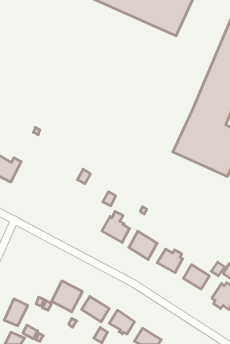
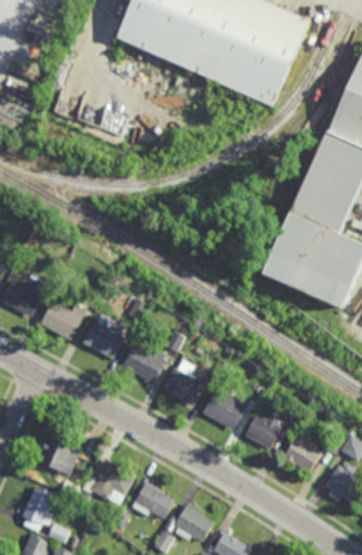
building: none -> [40,303,82,341]
building: none -> [82,321,123,360]
building: none -> [122,345,165,383]
building: none -> [39,437,80,475]

